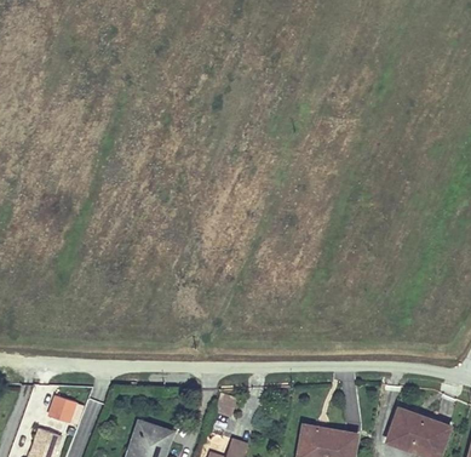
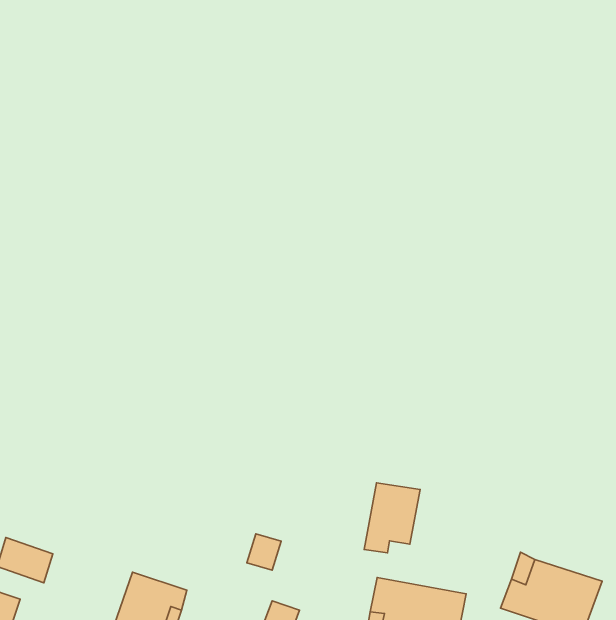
building: none -> [364,483,420,553]

